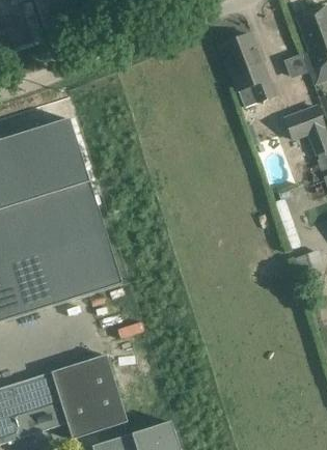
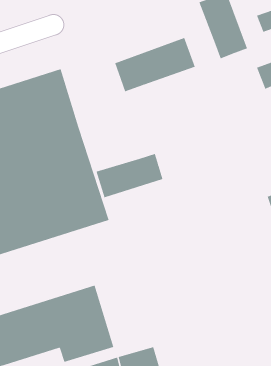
building: none -> [114,37,195,92]
building: none -> [96,153,163,198]

